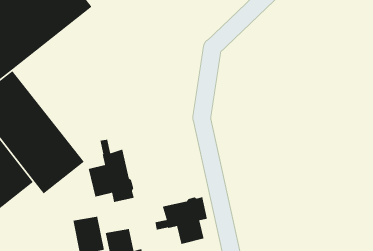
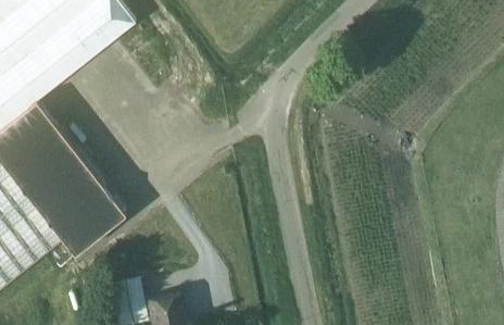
building: [88,139,135,203] -> none
building: [155,196,208,245] -> none

